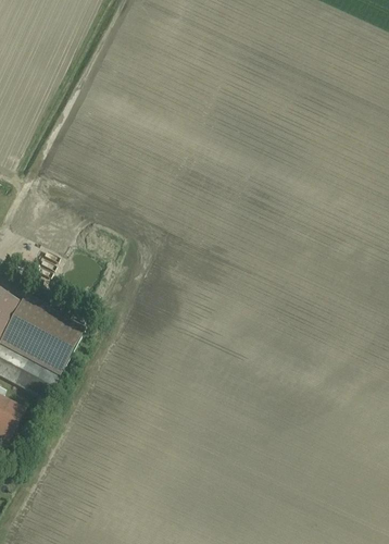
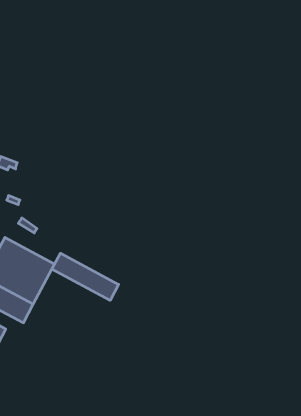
building: none -> [52,253,119,300]

